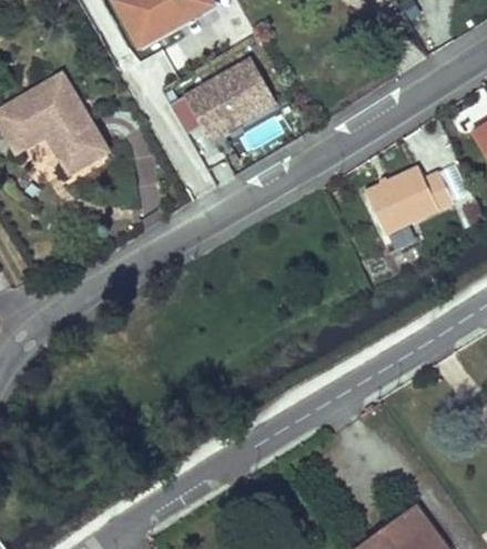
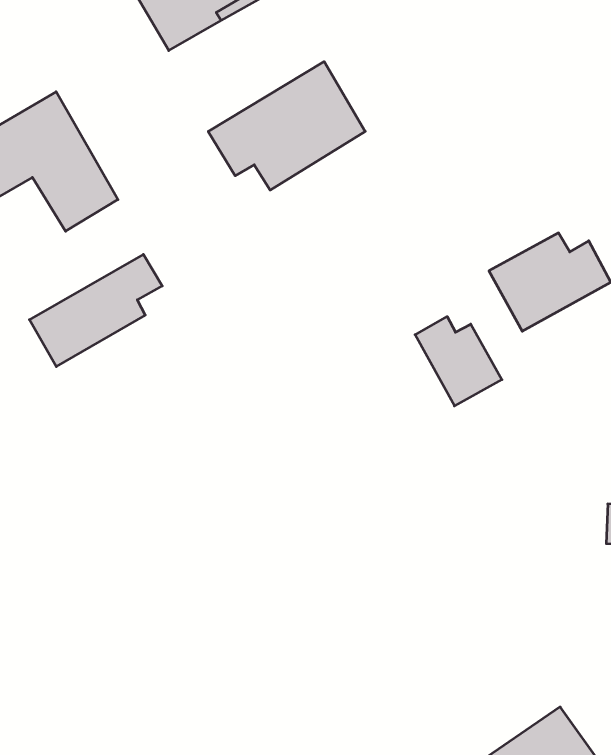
building: none -> [29,254,162,367]
building: none -> [415,317,502,406]

